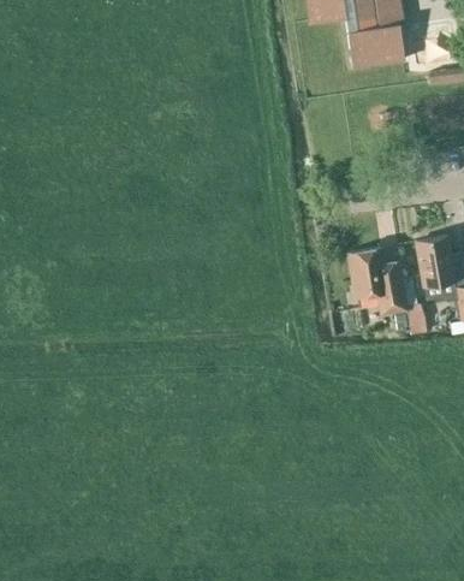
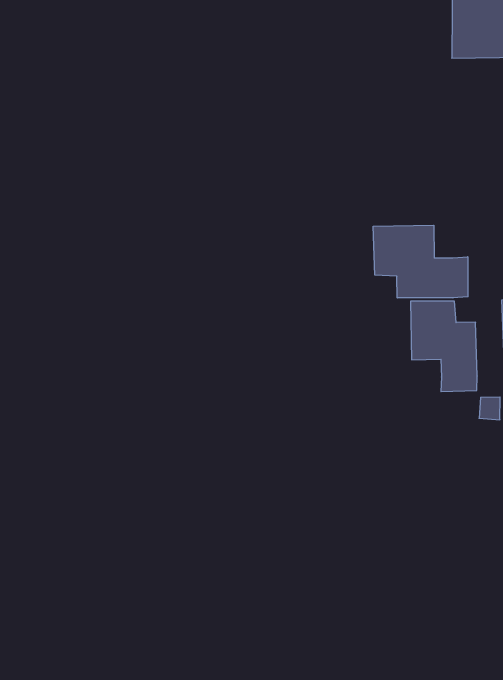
building: none -> [373,225,468,298]

